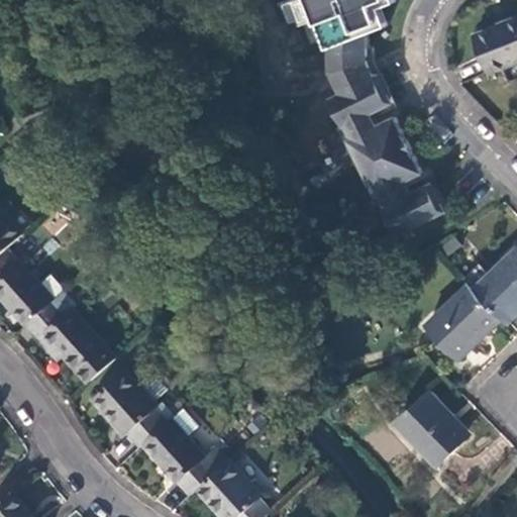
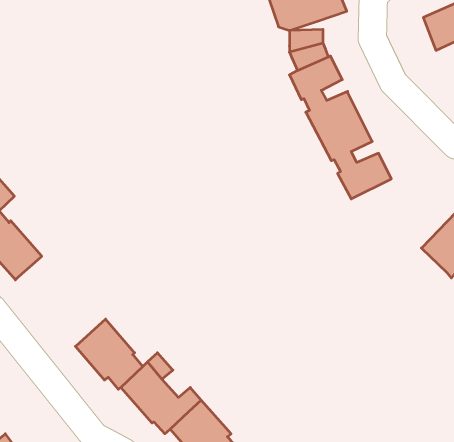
building: [426,283,502,357] -> none
building: [24,299,115,383] -> none
building: [395,391,461,466] -> none

